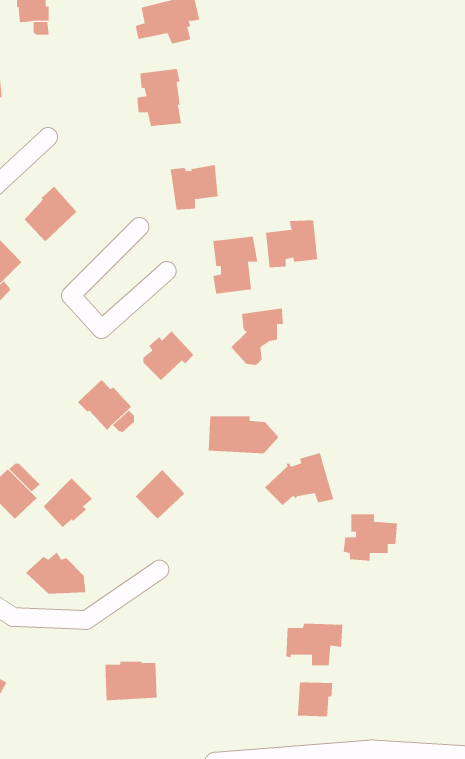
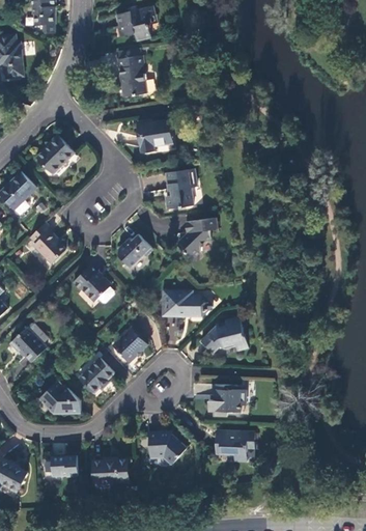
building: [266,219,318,268] -> none
building: none -> [30,223,65,263]
building: [43,477,93,528] -> [80,359,114,393]
building: [343,514,398,561] -> [208,385,246,417]
building: none -> [148,432,186,465]
building: none -> [51,456,78,477]
building: [297,681,333,717] -> none

